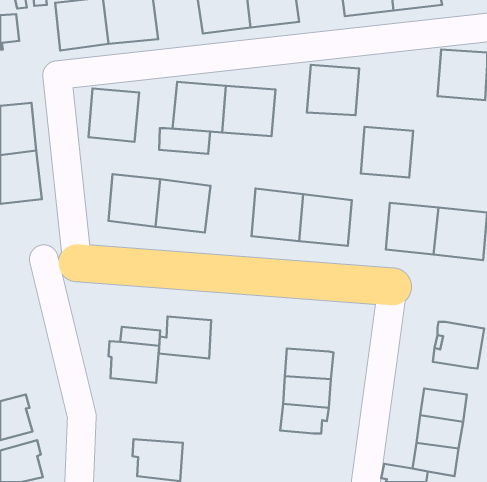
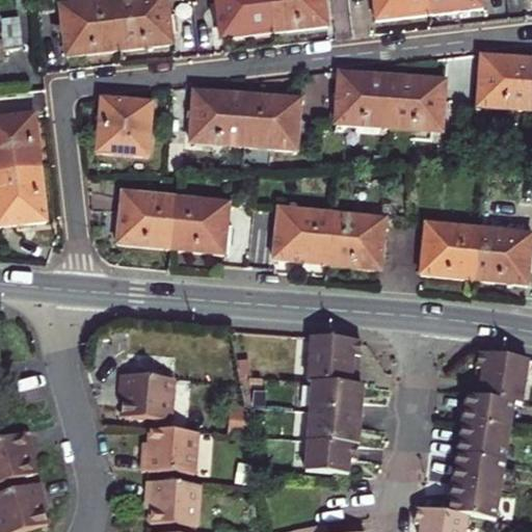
building: [361,127,413,177] -> [388,75,445,130]
building: [159,128,210,154] -> none
building: none -> [308,336,362,383]
building: [159,317,211,358] -> [140,427,197,473]
building: none -> [462,394,513,430]

